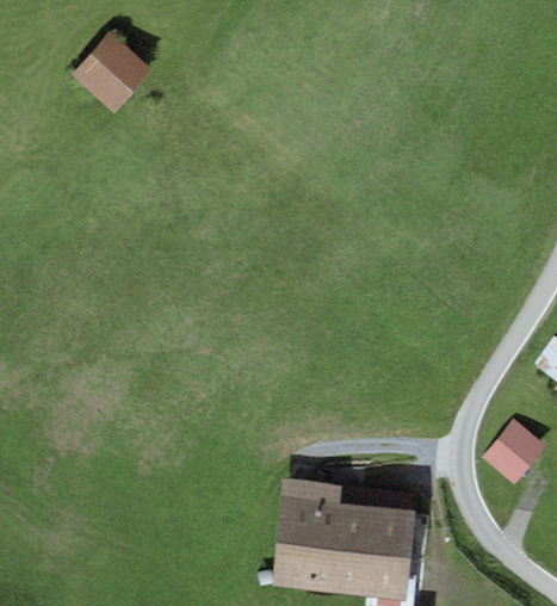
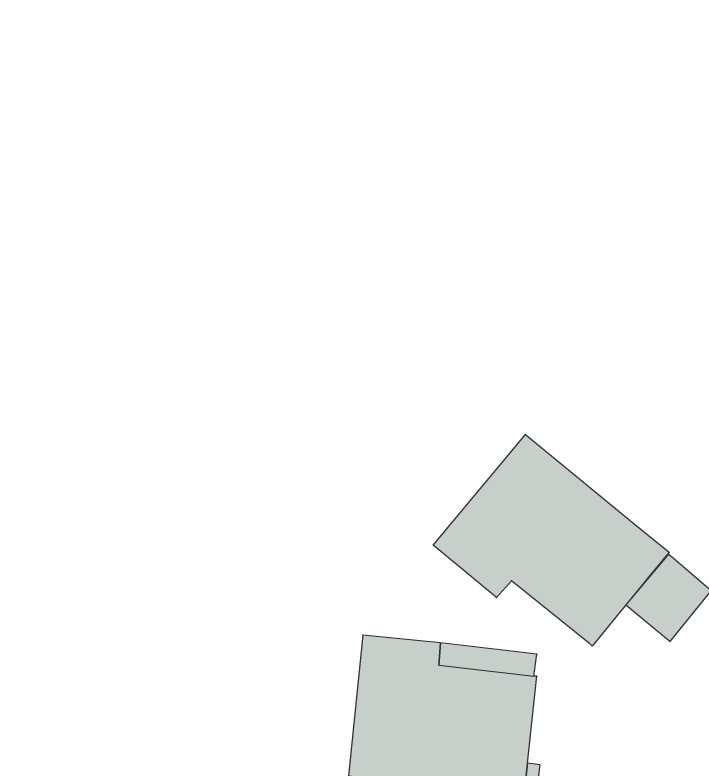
building: [73,32,151,111] -> none
building: none -> [433,434,669,646]

